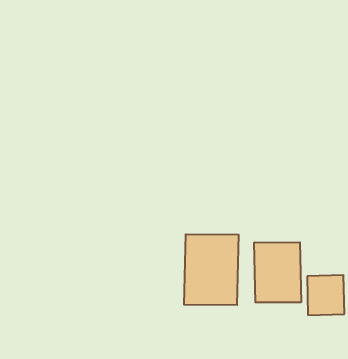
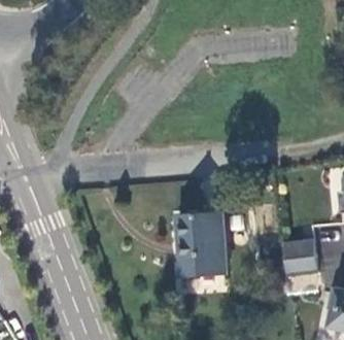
building: [254,242,301,302] -> none

